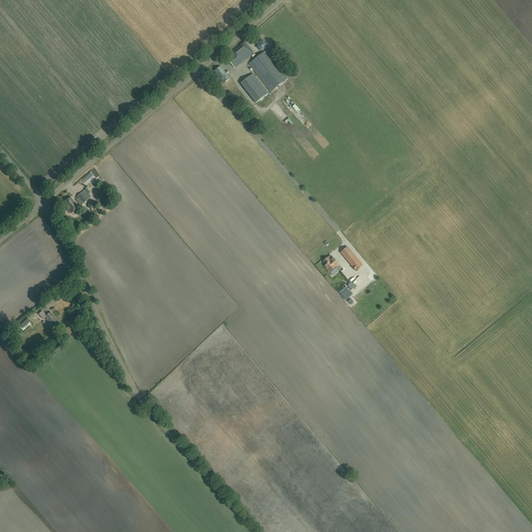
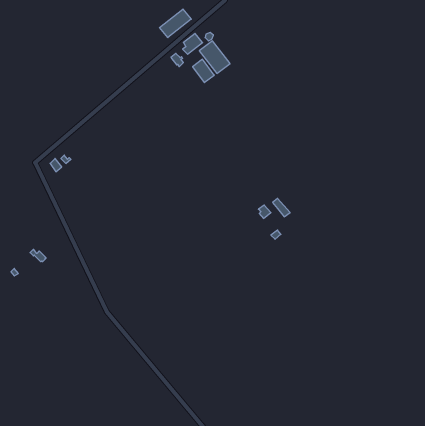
building: none -> [160,9,191,38]

